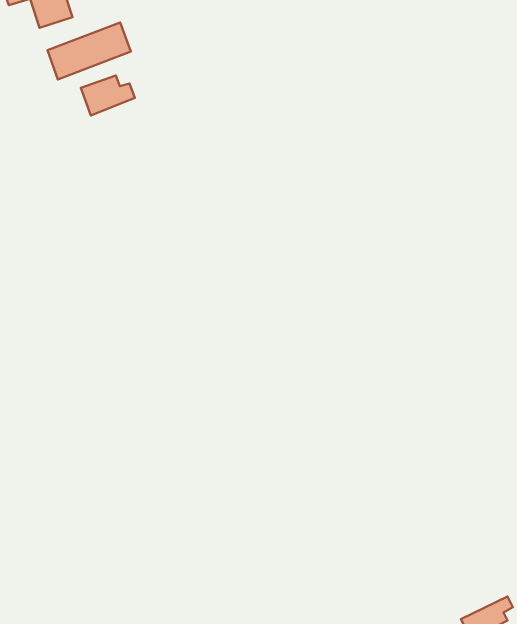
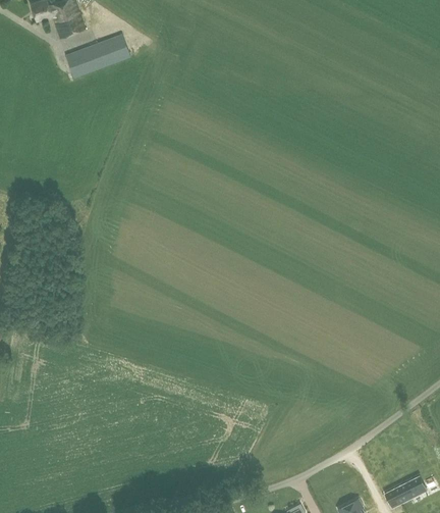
building: [81,75,135,115] -> none

